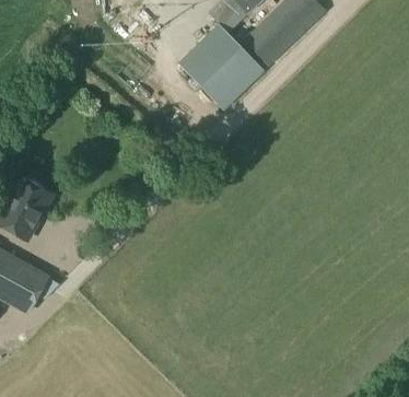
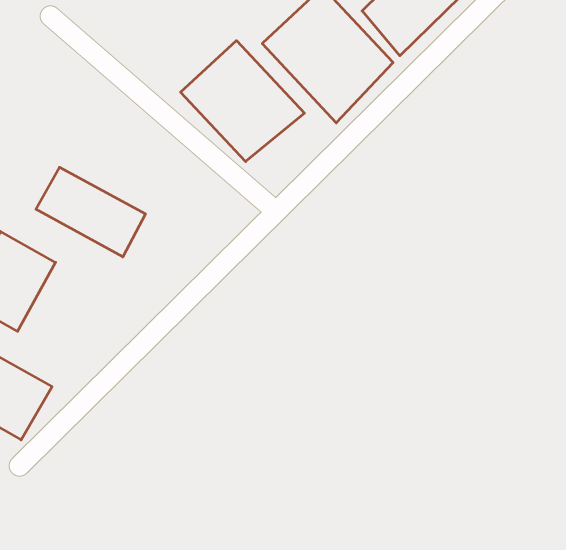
building: none -> [181,41,304,162]
building: none -> [36,167,145,257]

